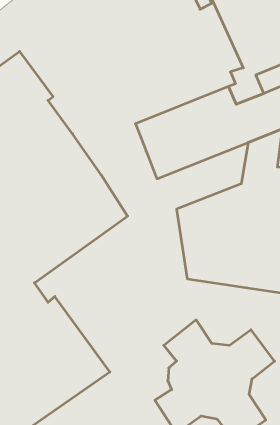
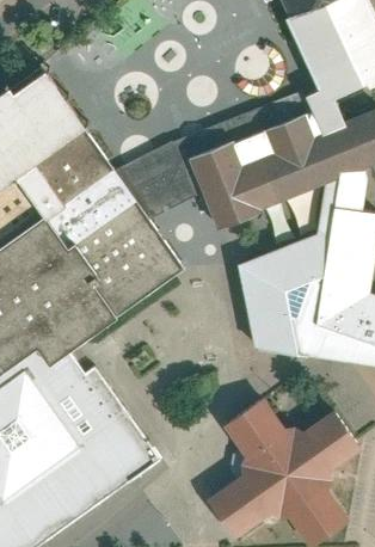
building: none -> [115,91,313,222]

